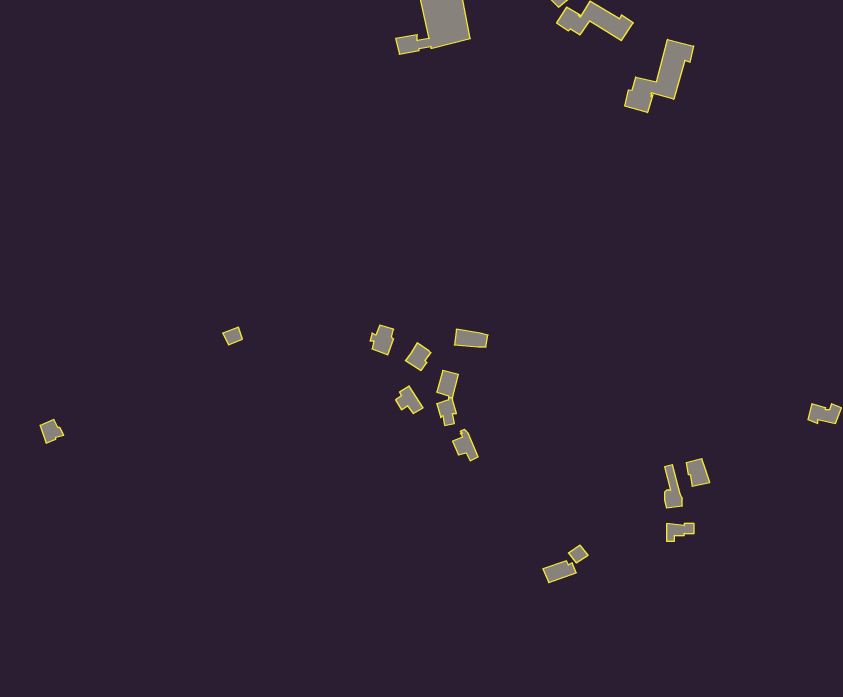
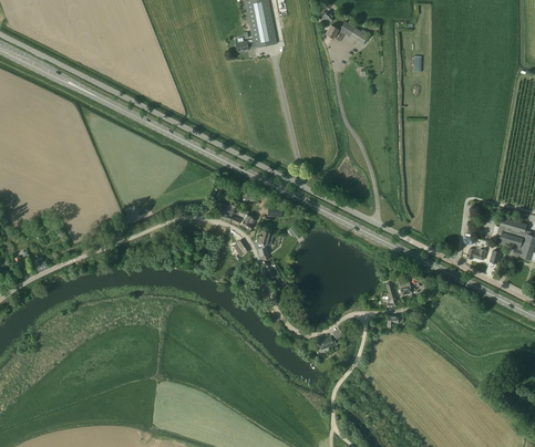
building: [625,39,694,113] -> none

